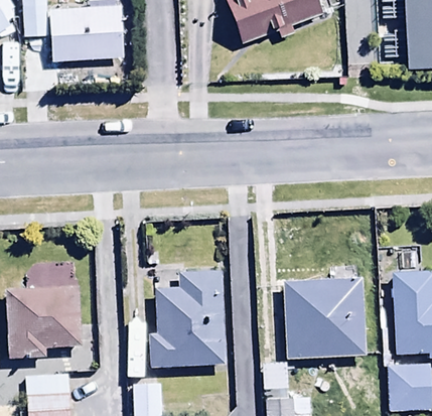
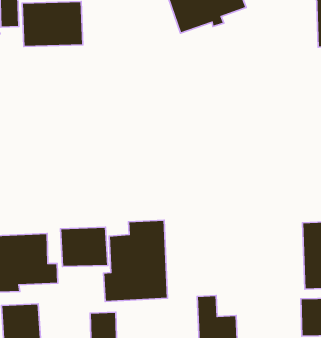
building: [283,268,366,360] -> none
building: none -> [60,227,108,266]

